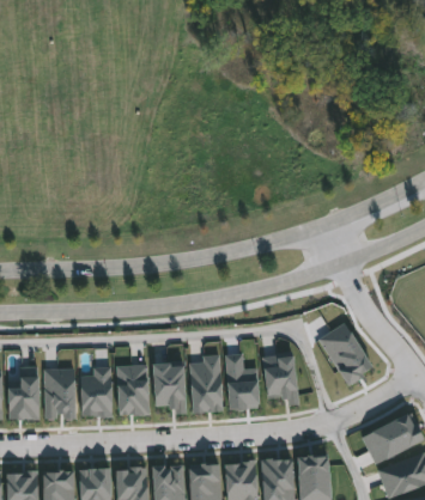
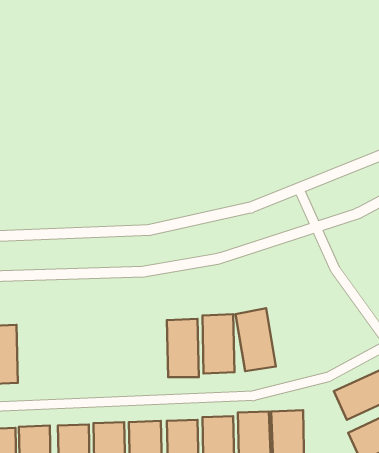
building: [320,324,377,390] -> none
building: [154,359,188,419] -> none
building: [117,364,150,423] -> none
building: [80,365,113,425] -> none
building: [43,366,75,426] -> none

